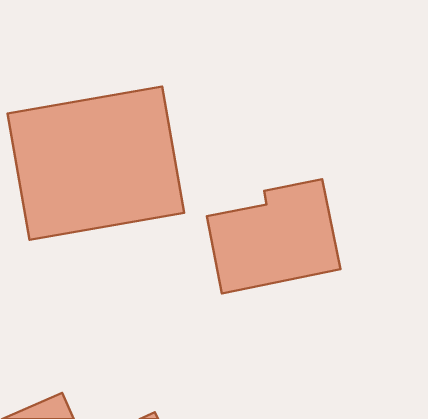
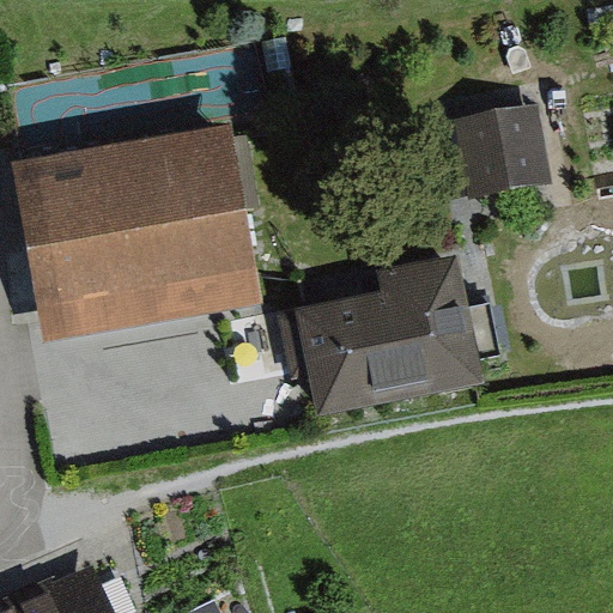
building: none -> [453,98,552,194]

